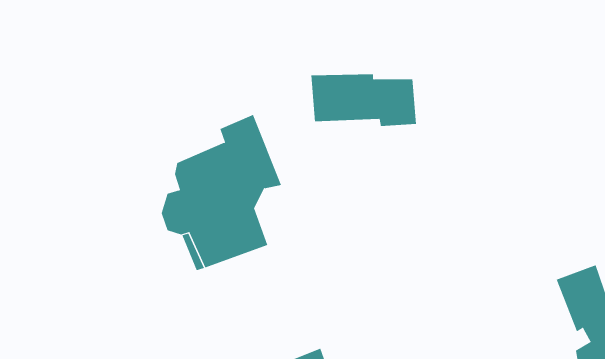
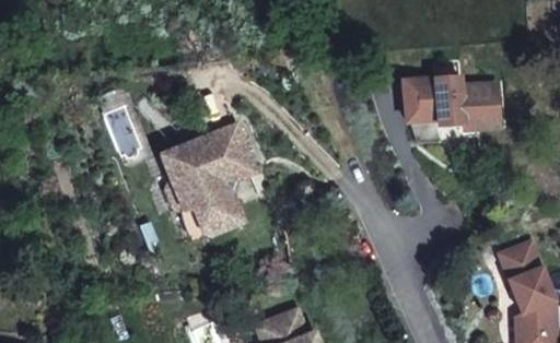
building: [310,74,417,127] -> [406,75,501,122]

